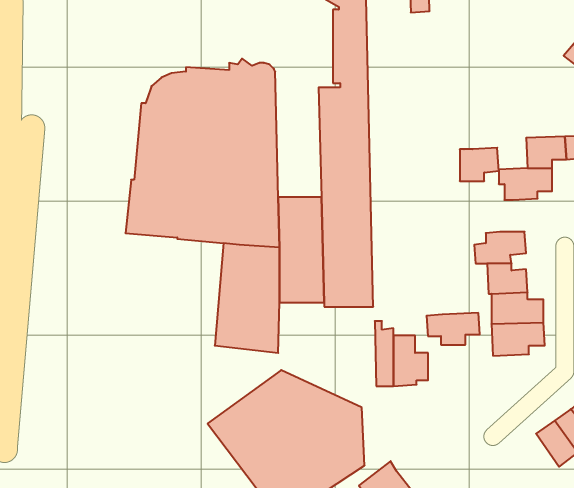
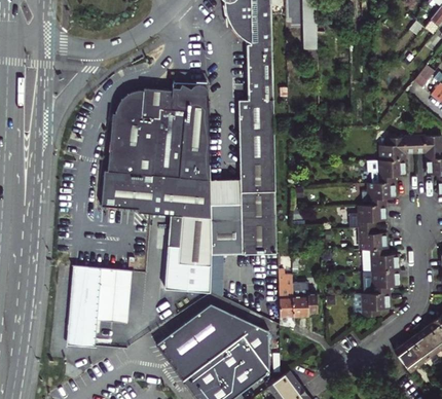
building: [460,148,499,181] -> [367,182,395,206]
building: [426,313,480,345] -> [351,293,389,316]
building: none -> [73,266,134,344]

